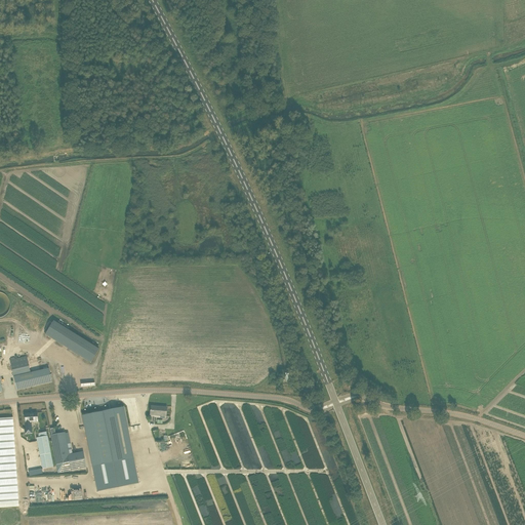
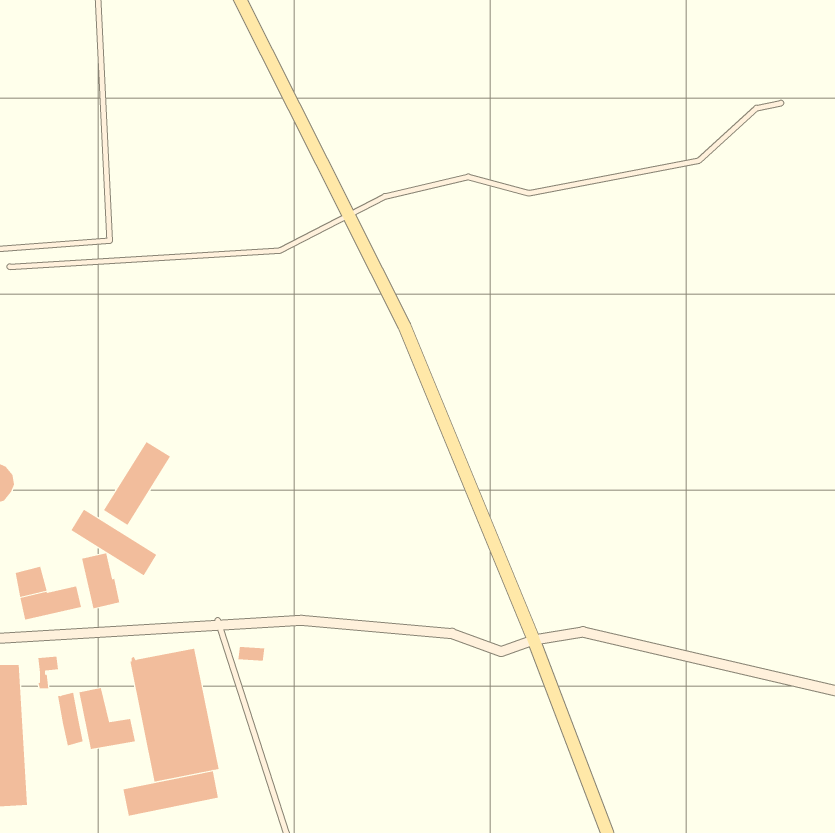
building: none -> [103,441,171,526]
building: none -> [81,553,120,609]
building: none -> [123,770,219,816]

